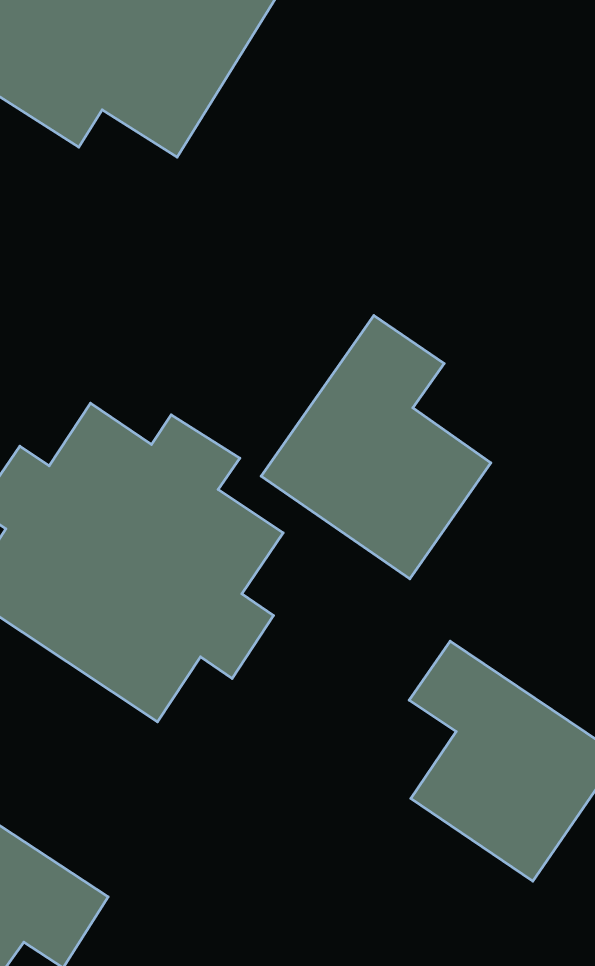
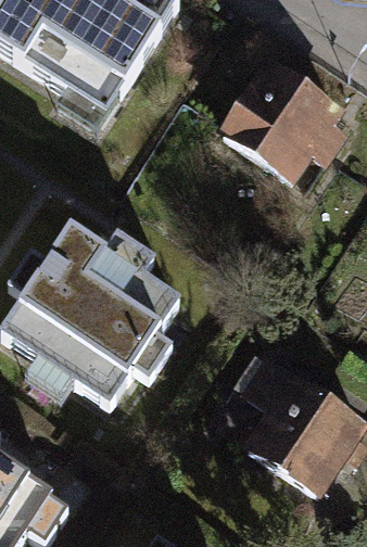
building: none -> [223,68,338,183]
building: [261,316,491,579] -> none

